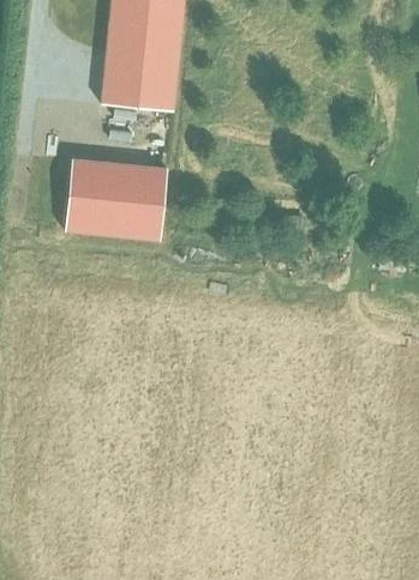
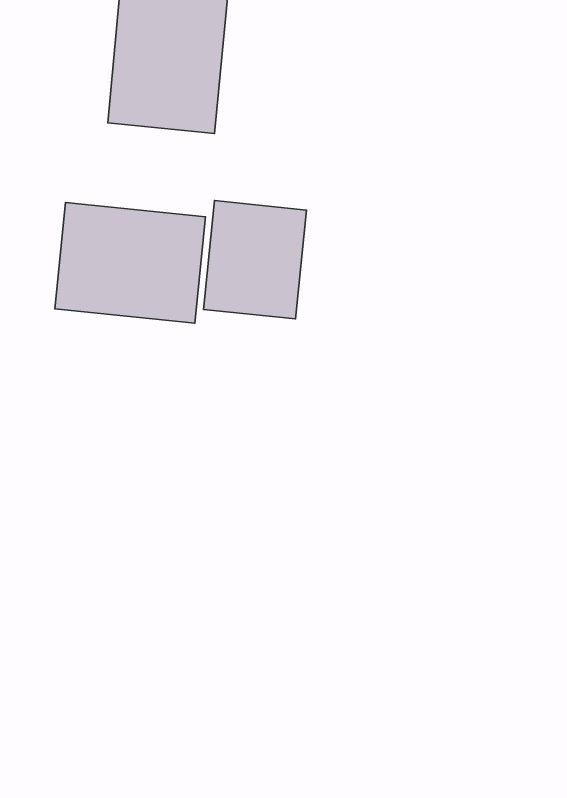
building: none -> [204,201,307,319]

